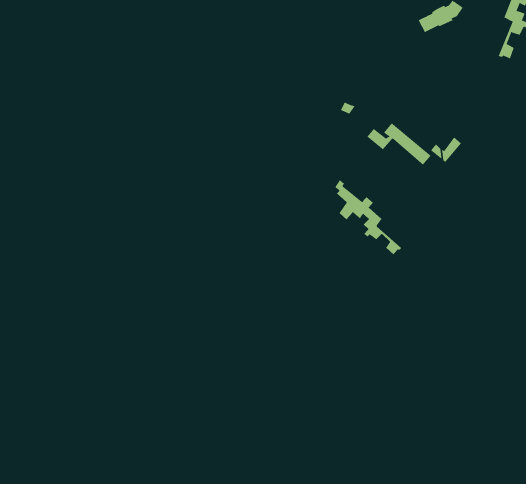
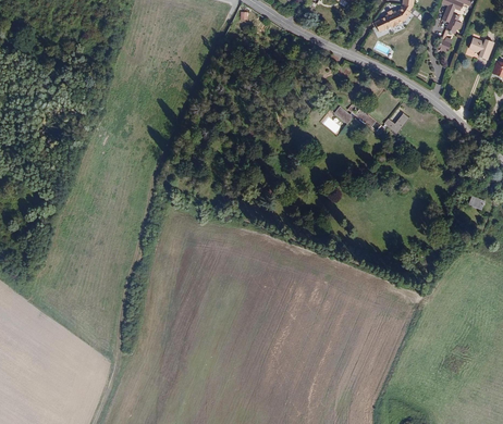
building: [334,179,402,255] -> none

